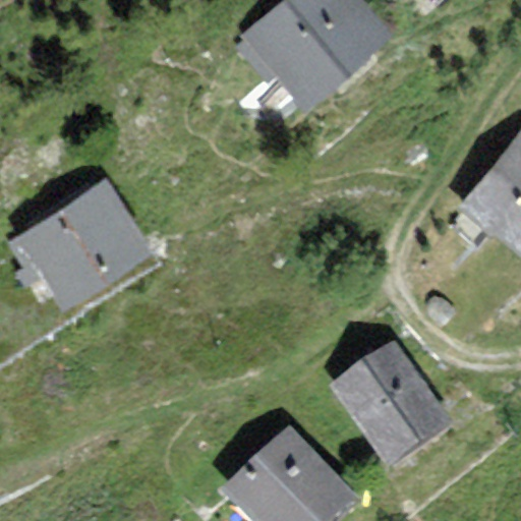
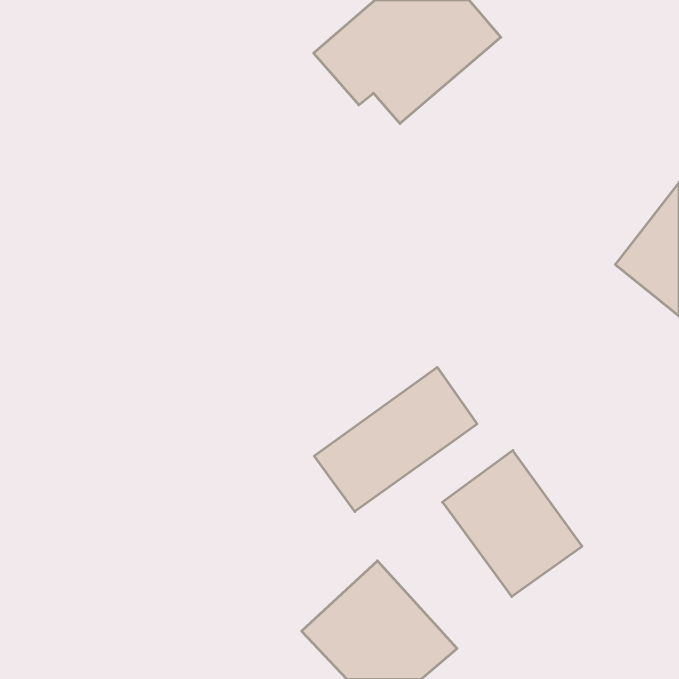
building: [11,184,147,297] -> none
building: none -> [314,367,477,512]

